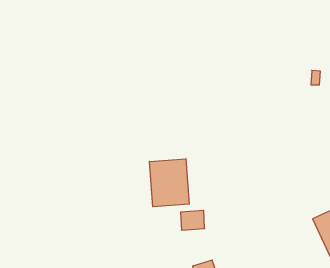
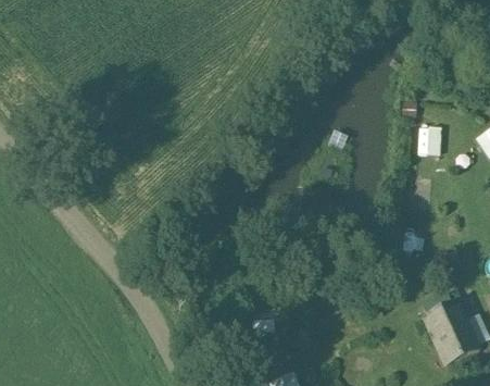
building: [150,159,189,207] -> none

